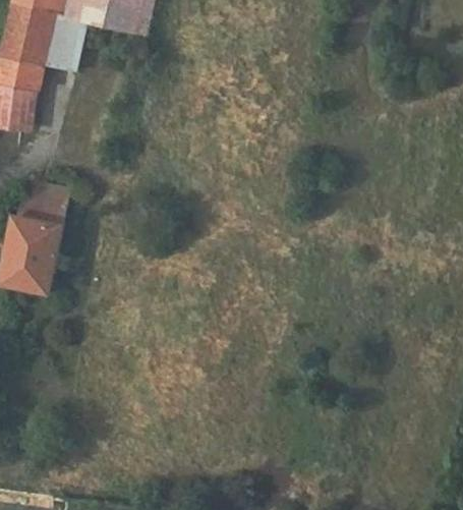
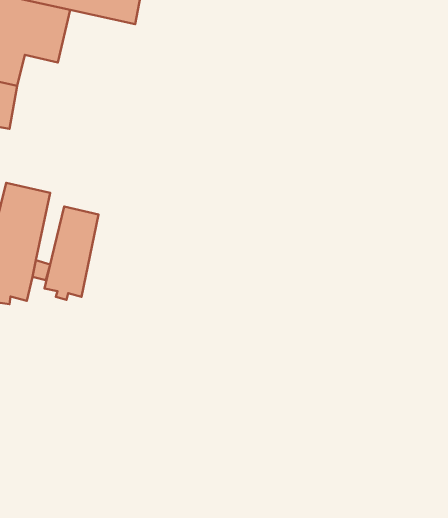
building: none -> [45,206,99,300]

